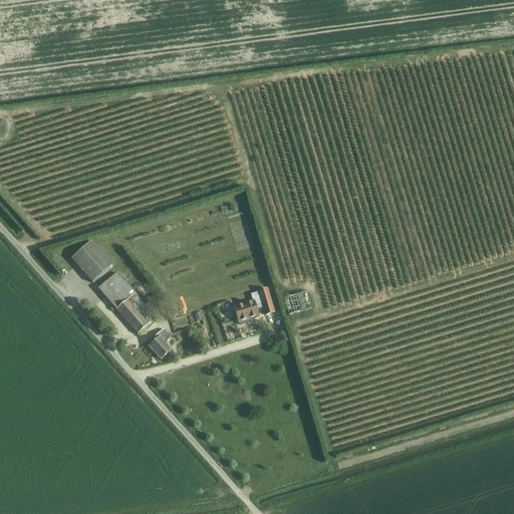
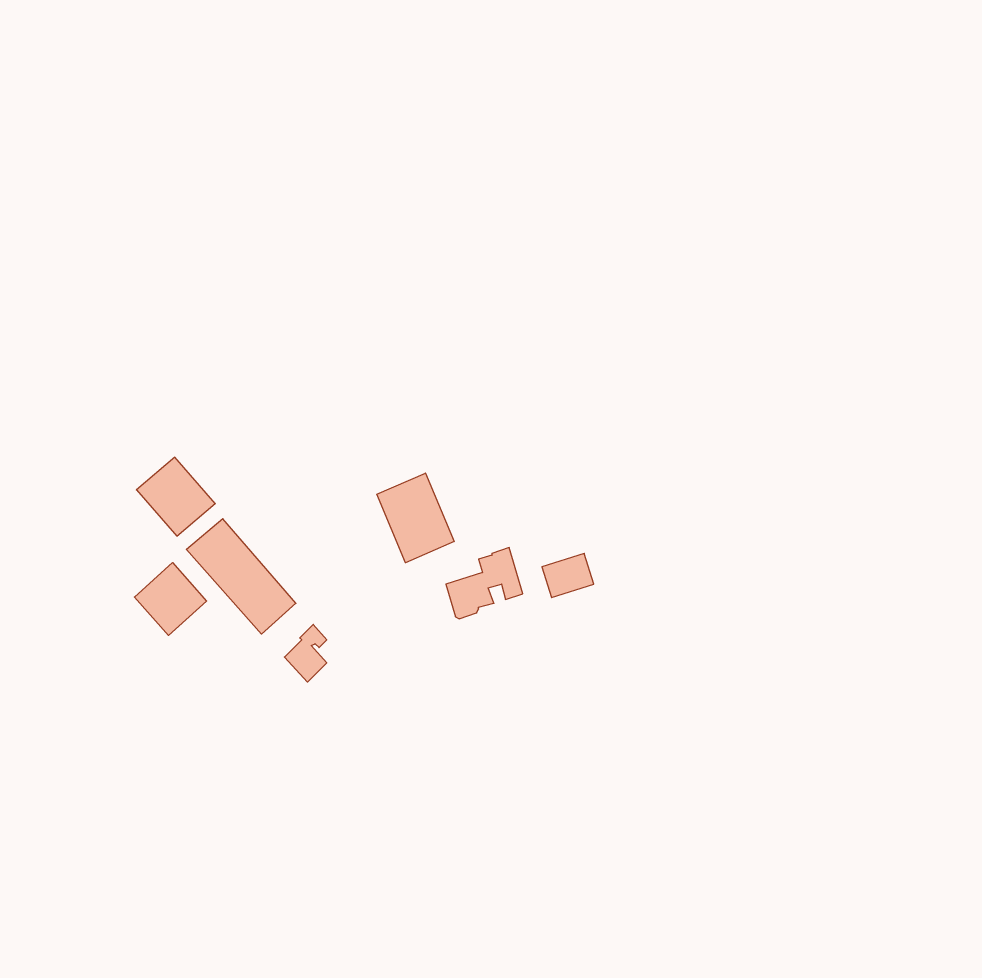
building: none -> [377,473,454,563]
building: none -> [134,563,207,635]

